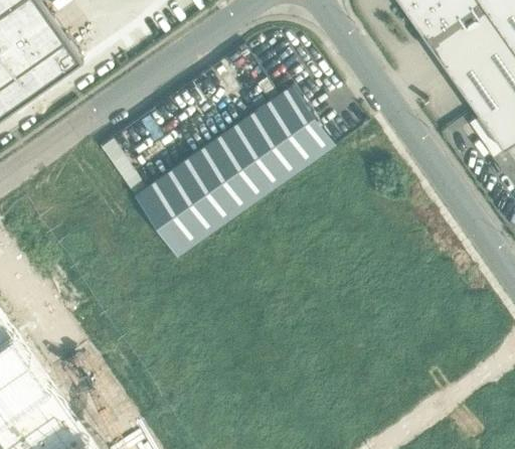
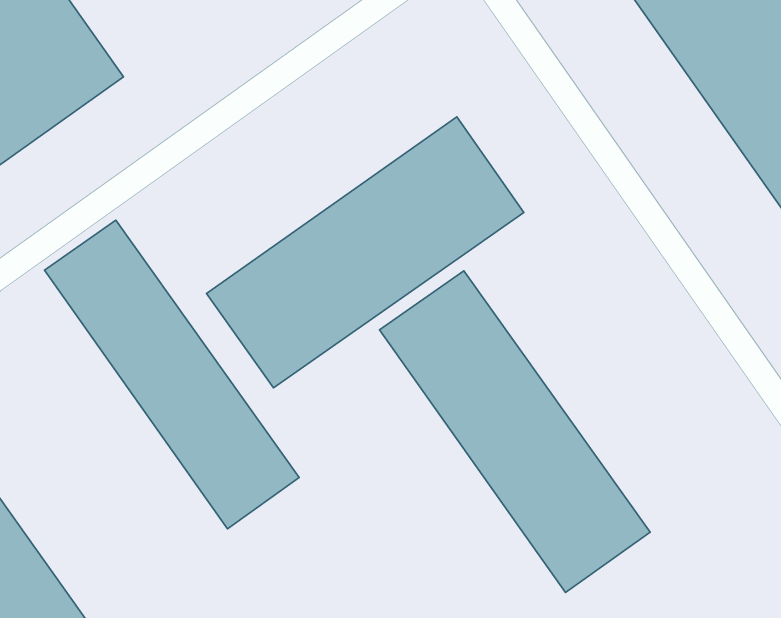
building: none -> [45,220,299,529]
building: none -> [380,271,650,593]

